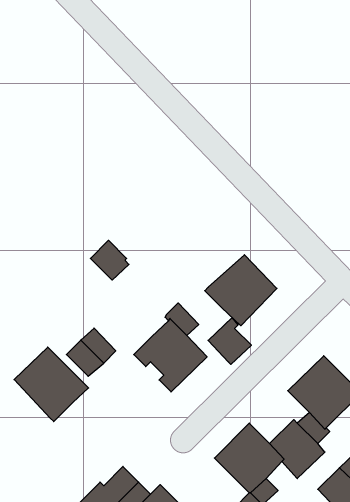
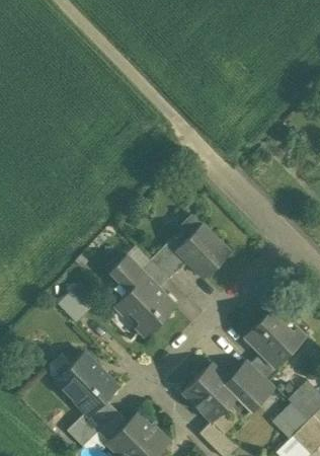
building: [90,240,129,280] -> [110,256,143,290]
building: [208,318,251,364] -> [151,242,187,282]
building: [14,347,89,422] -> [55,353,117,415]

